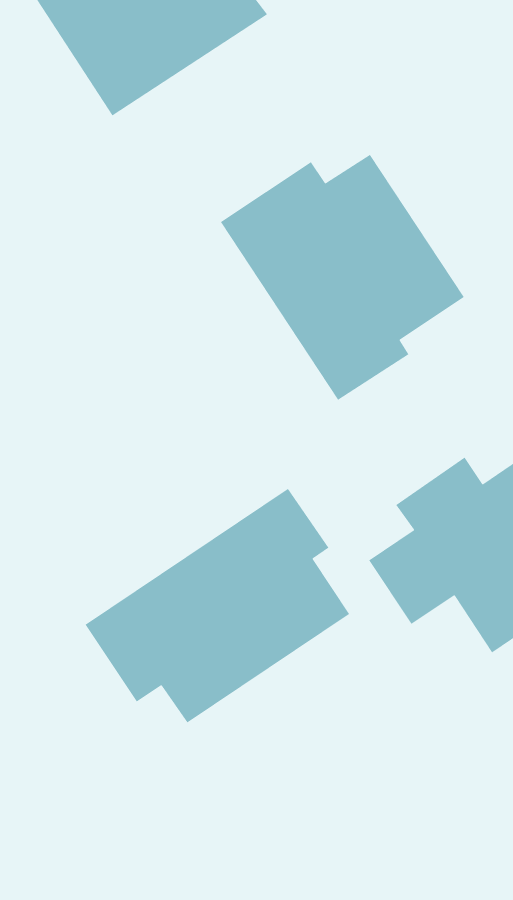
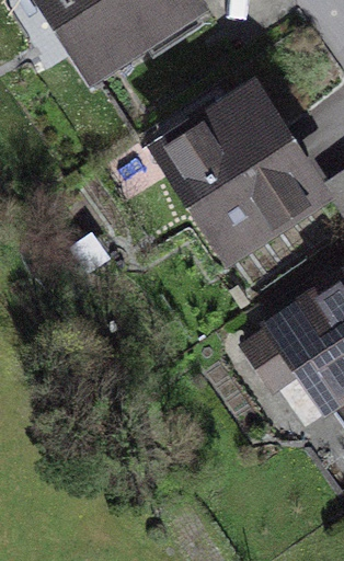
building: [85,488,350,723] -> none

